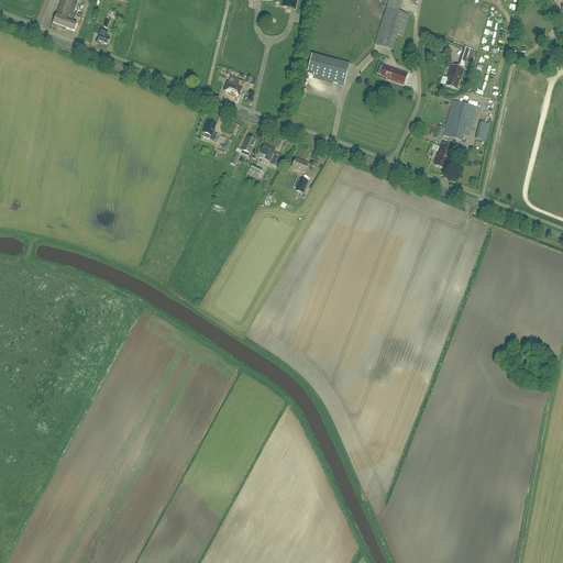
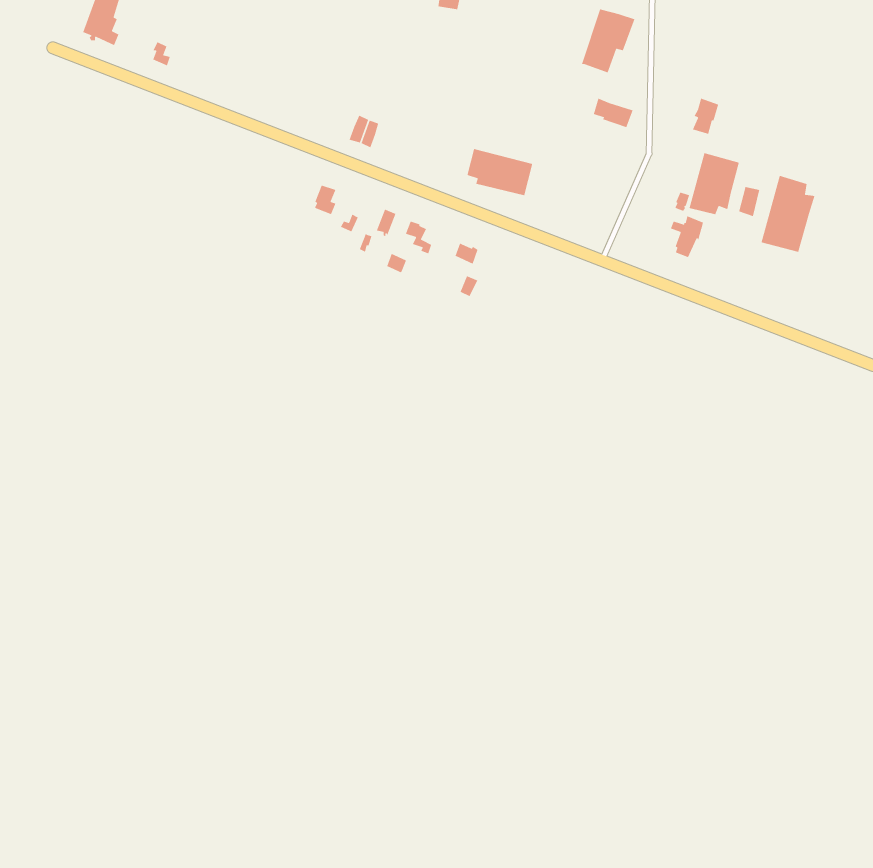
building: [307,52,350,82] -> [467,148,533,196]
building: none -> [761,175,815,253]

